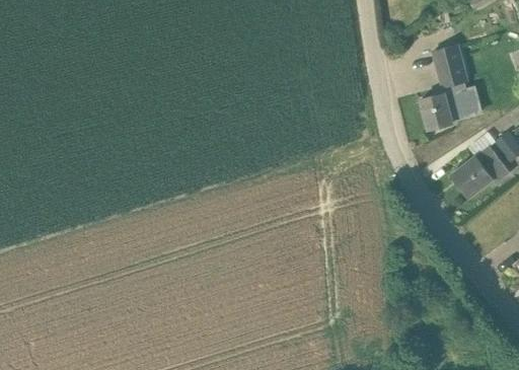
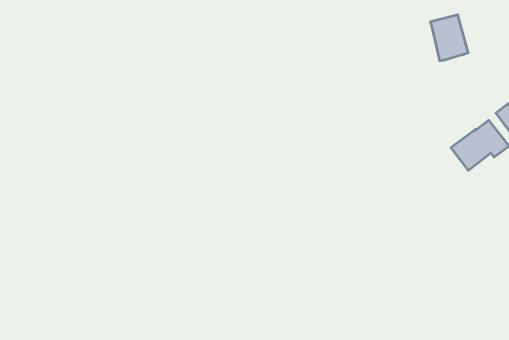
building: [421,82,480,129] -> none

